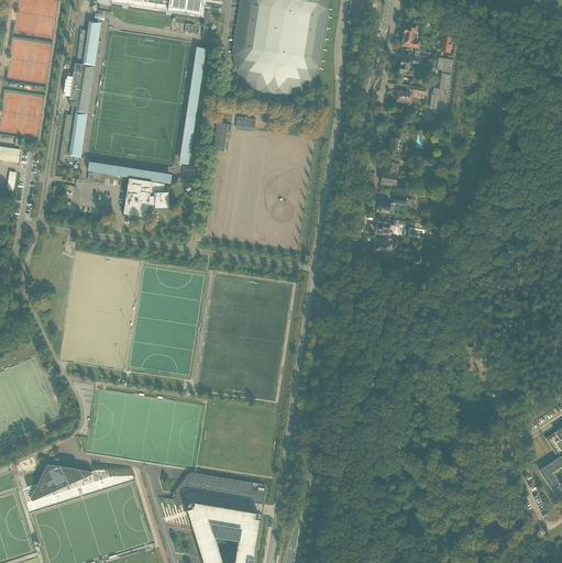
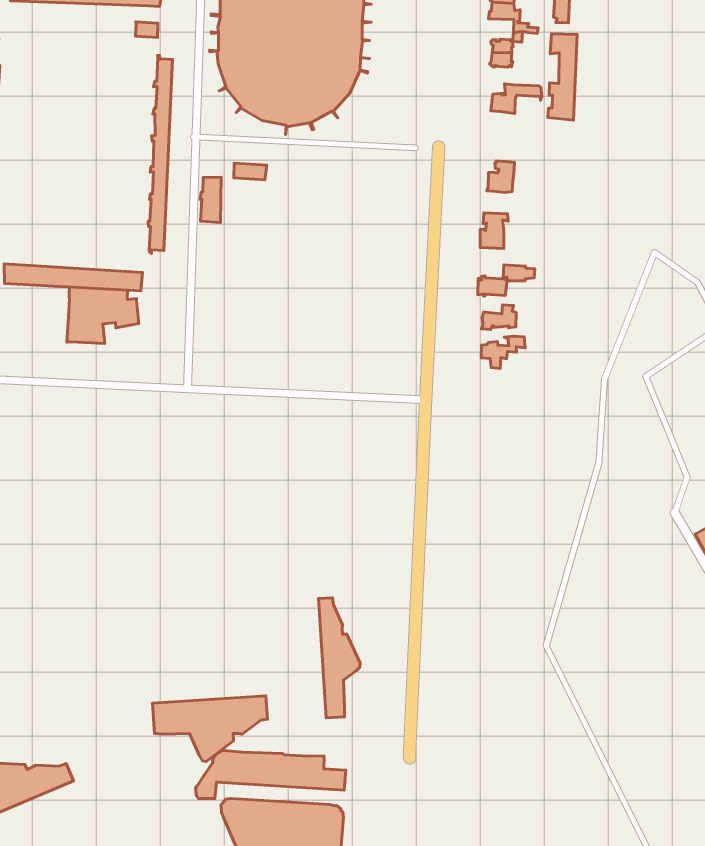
building: none -> [318,598,360,718]
building: none -> [153,696,267,761]

